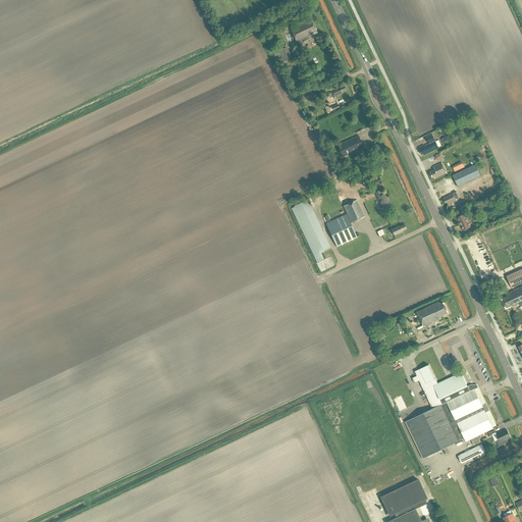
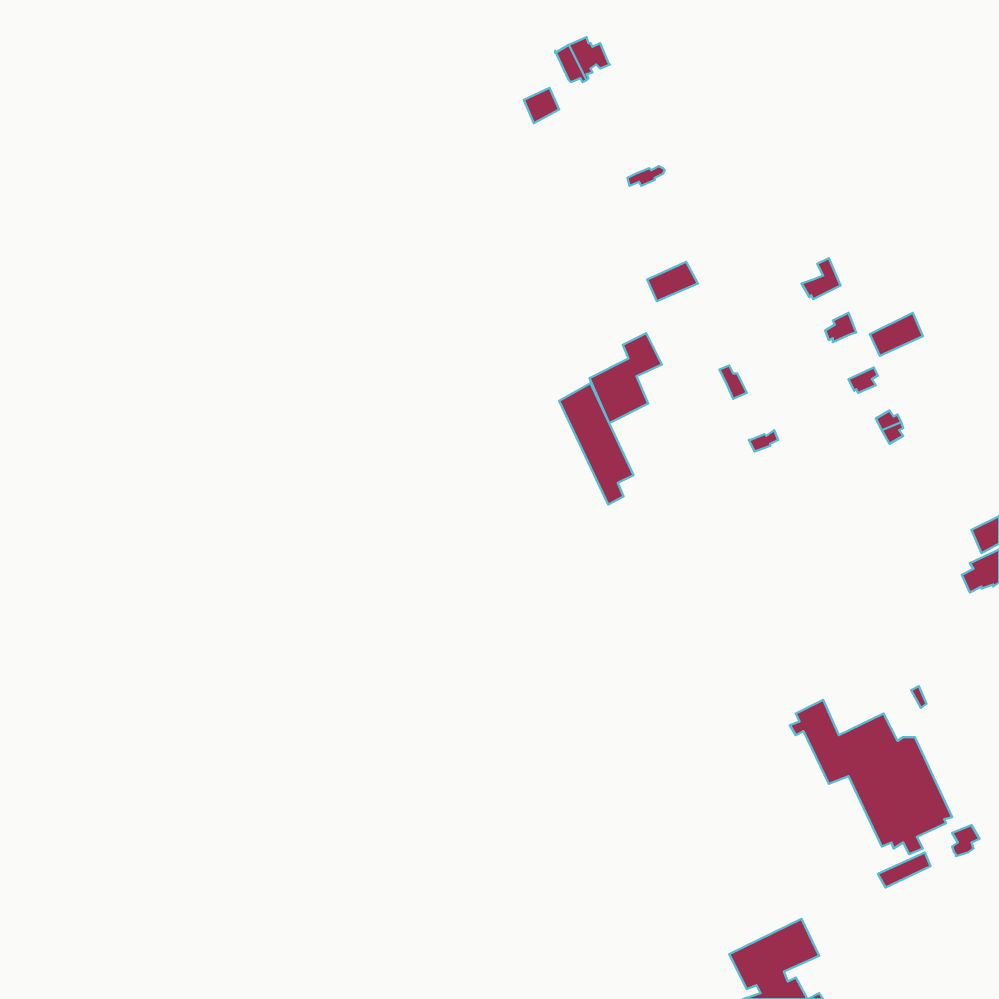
building: [326,201,364,248] -> [589,333,662,423]
building: [417,302,449,327] -> none
building: [406,405,460,459] -> none

